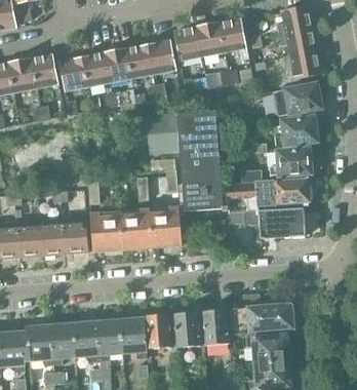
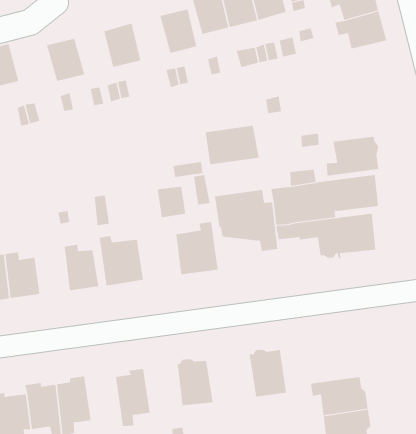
building: [126,44,154,78] -> none
building: [81,53,109,86] -> none
building: [30,54,58,88] -> none
building: [279,82,321,115] -> none
building: [146,111,215,153] -> none
building: [275,116,318,147] -> none
building: [180,159,220,187] -> none
building: [120,208,152,248] -> none
building: [40,219,65,255] -> none
building: [230,300,294,334] -> none
building: [172,310,200,347] -> none
building: [119,316,146,352] -> none
building: [73,319,100,362] -> none

